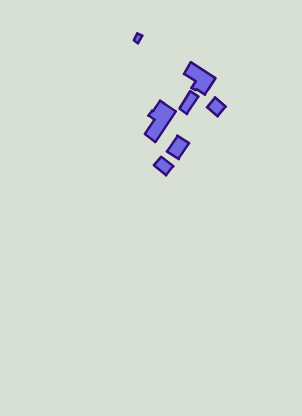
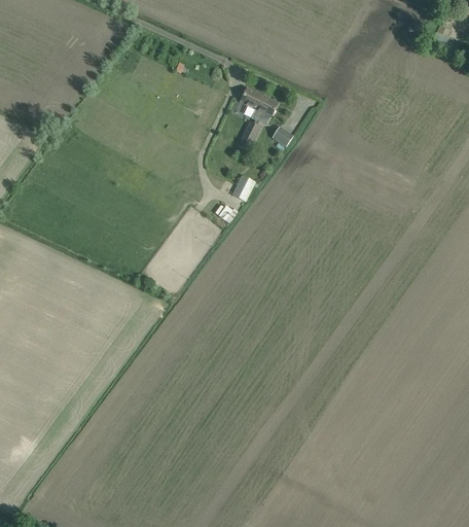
building: [145,101,176,142] -> none

